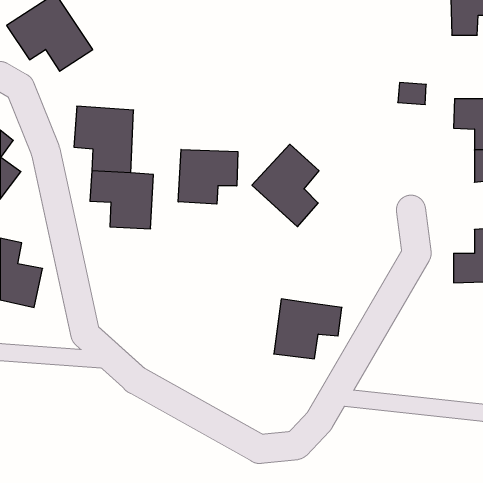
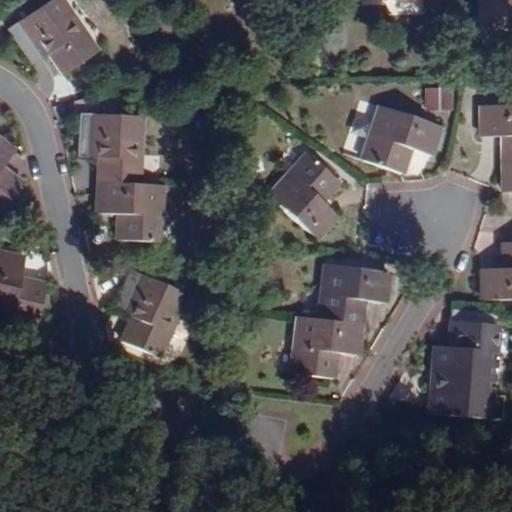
building: none -> [362,105,440,173]
building: [178,149,238,204] -> none
building: none -> [319,264,389,324]
building: none -> [113,267,187,356]
building: none -> [429,321,503,419]

